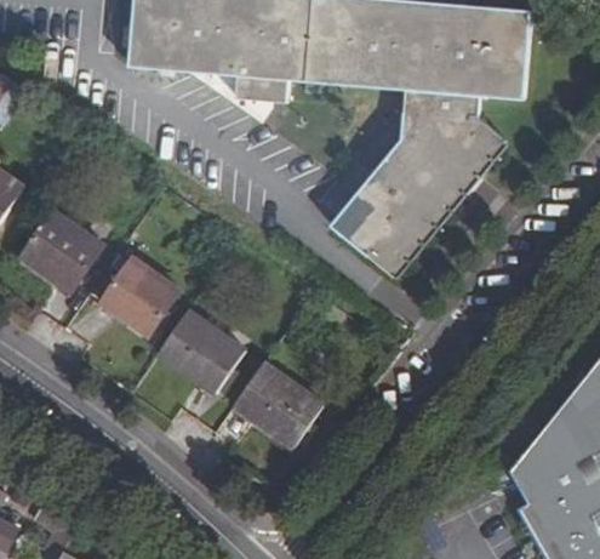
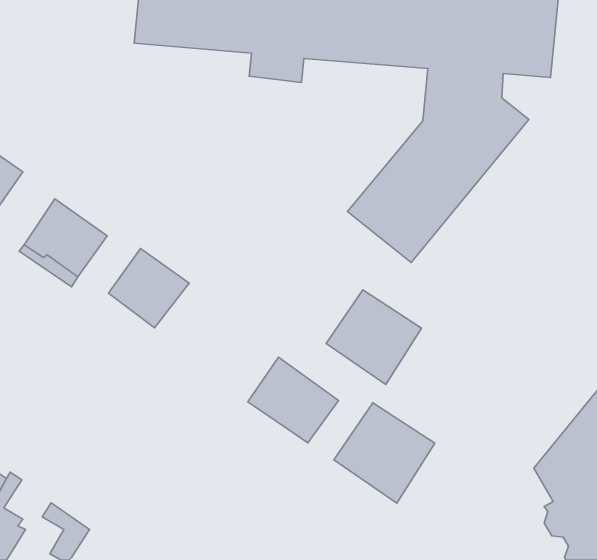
building: none -> [326,290,421,385]
building: [161,312,246,392] -> none
building: none -> [334,403,435,503]

